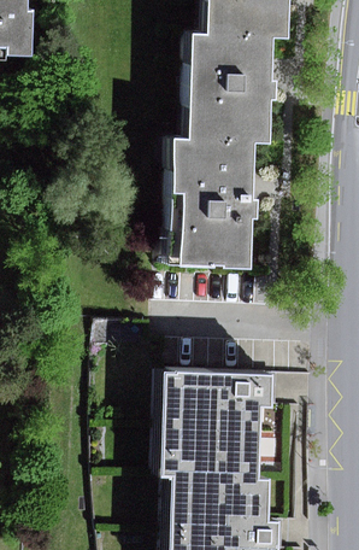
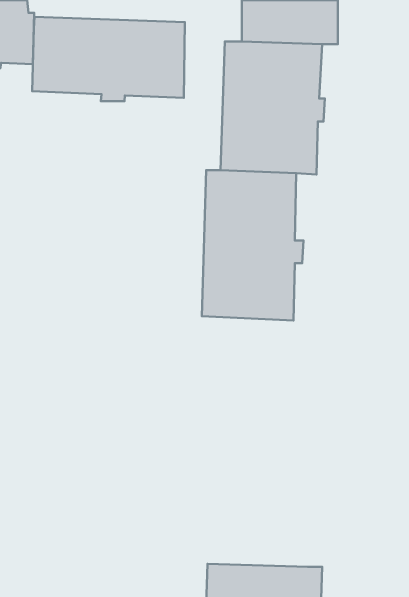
building: none -> [32,17,185,101]
building: [165,370,276,478] -> none

